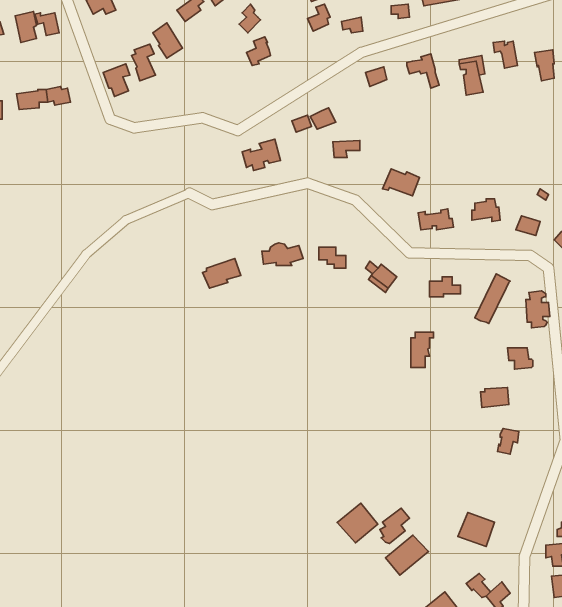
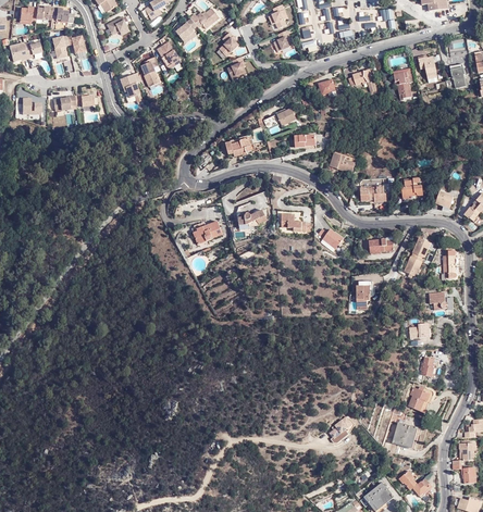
building: none -> [408,385,435,411]
building: [337,503,378,543] -> none
building: [386,535,429,575] -> none

